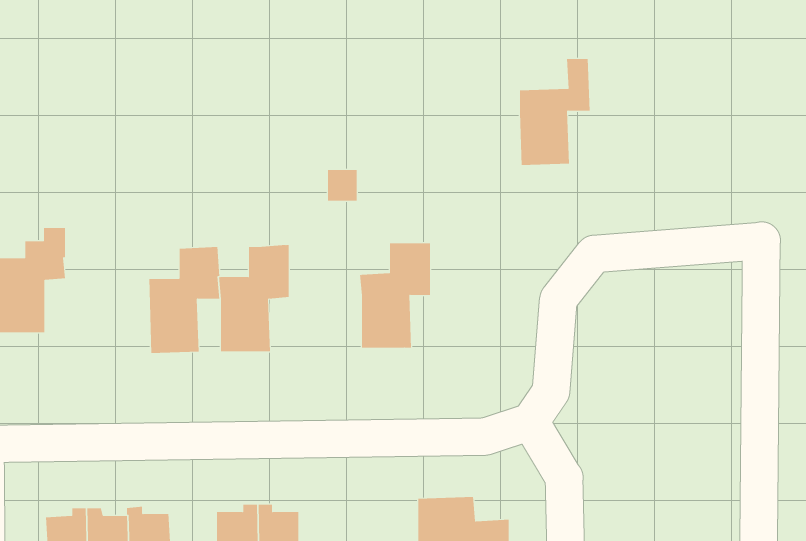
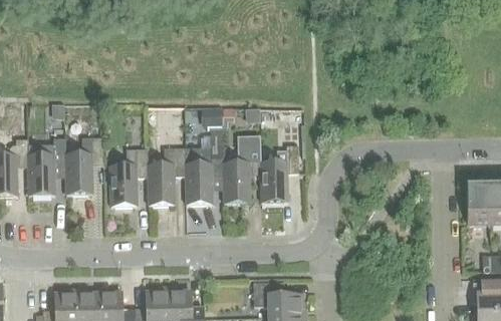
building: [519,58,590,166] -> [261,145,299,203]
building: none -> [186,128,224,204]
building: none -> [65,137,104,194]

